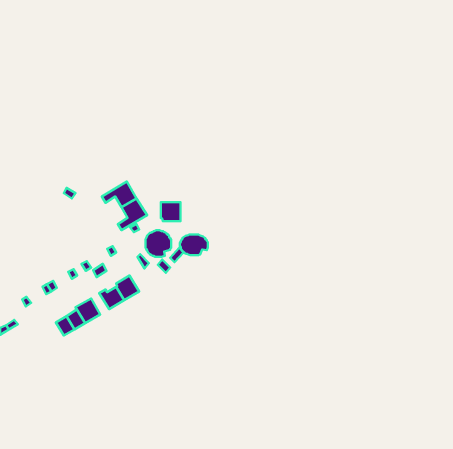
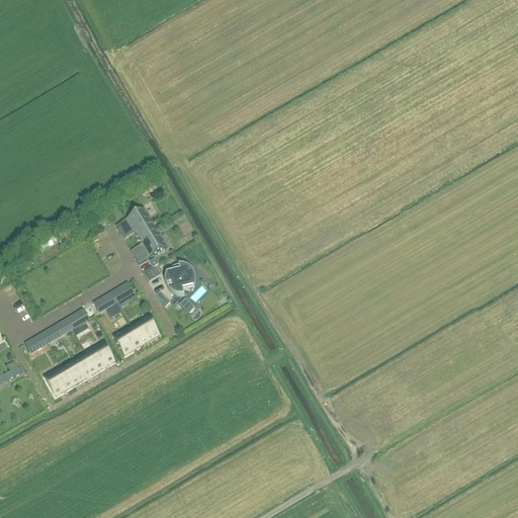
building: [161,202,181,221] -> none
building: [180,234,208,255] -> none
building: none -> [45,368,73,394]

